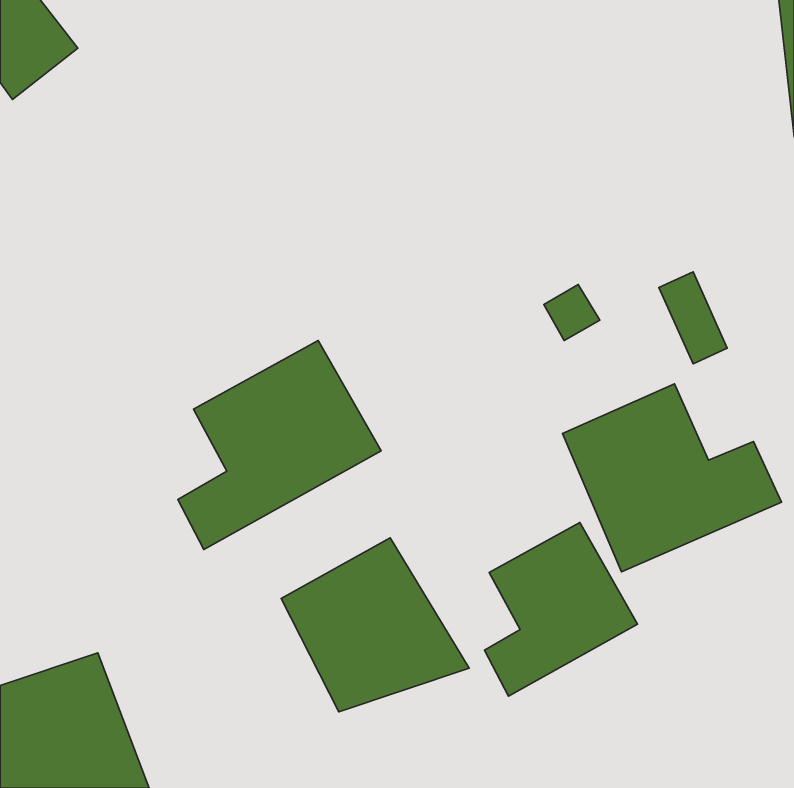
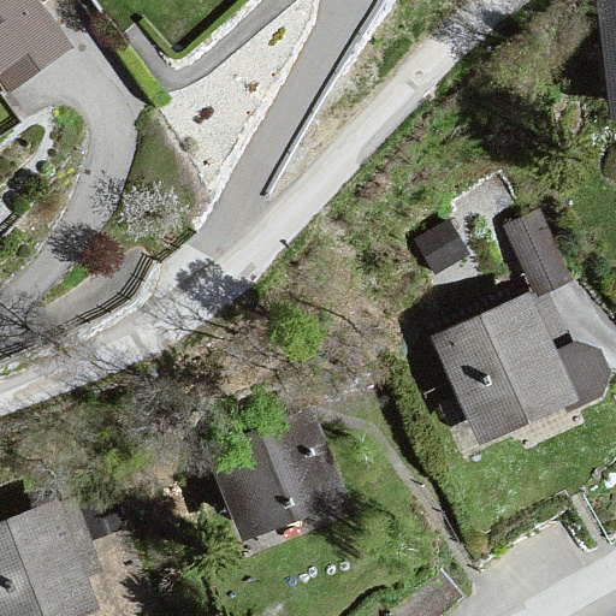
building: [178,340,381,550] -> none
building: [484,523,638,696] -> none

